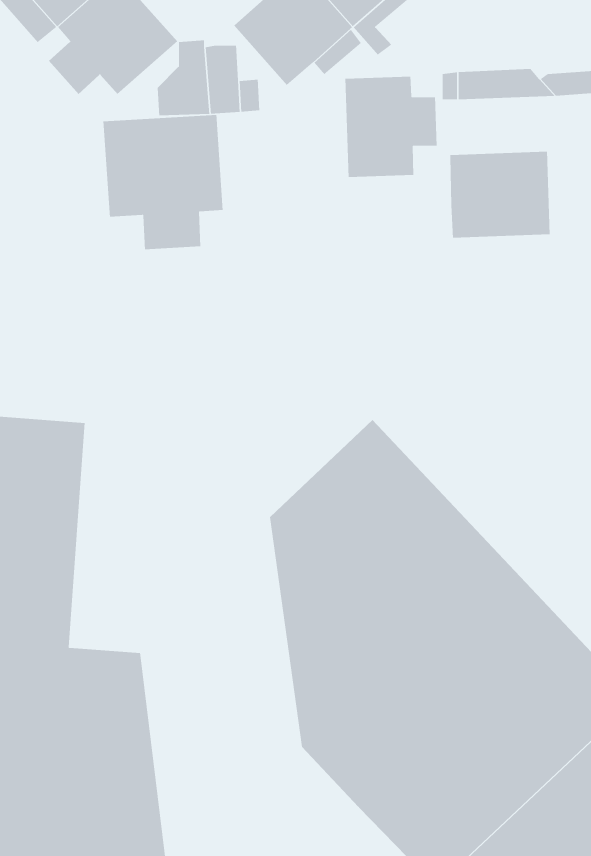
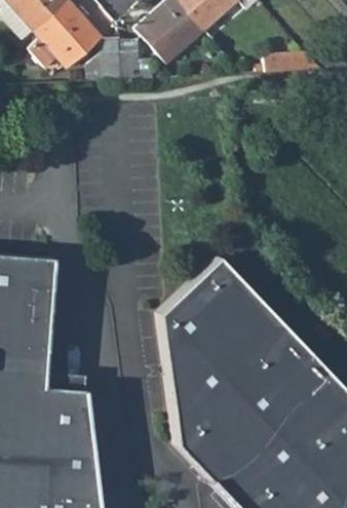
building: [345,76,438,178] -> none
building: [103,114,224,250] -> none
building: [449,151,550,238] -> none

